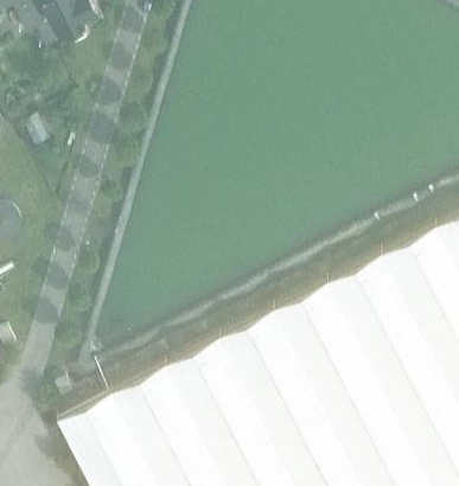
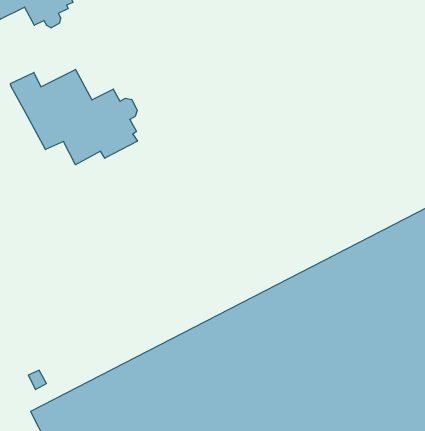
building: none -> [11,69,137,165]

